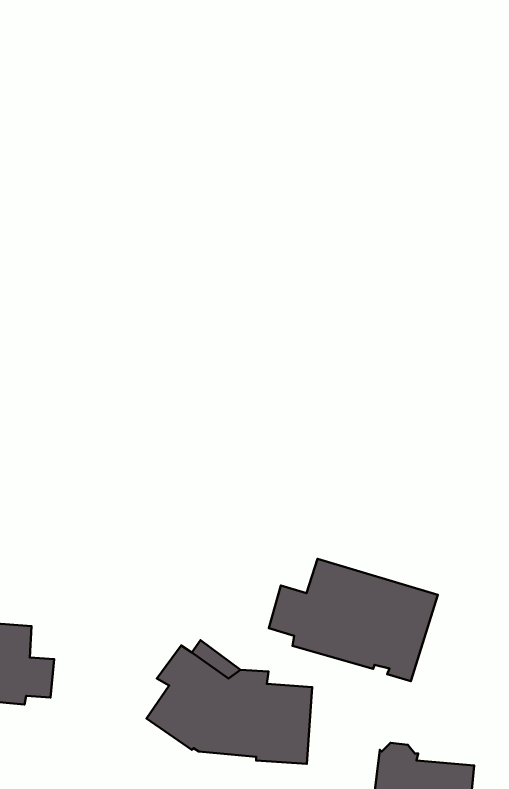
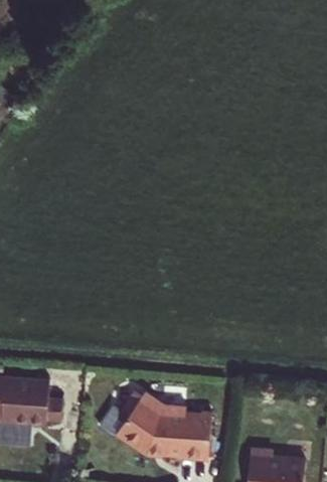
building: [269,559,438,681] -> none

